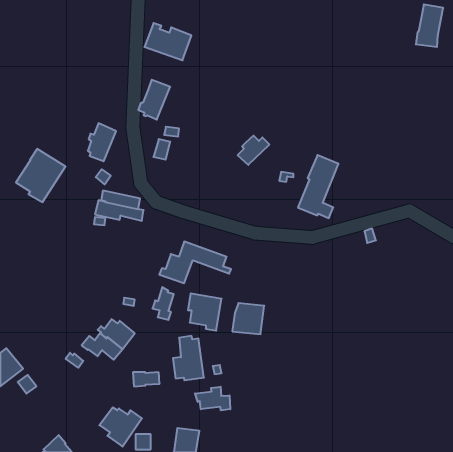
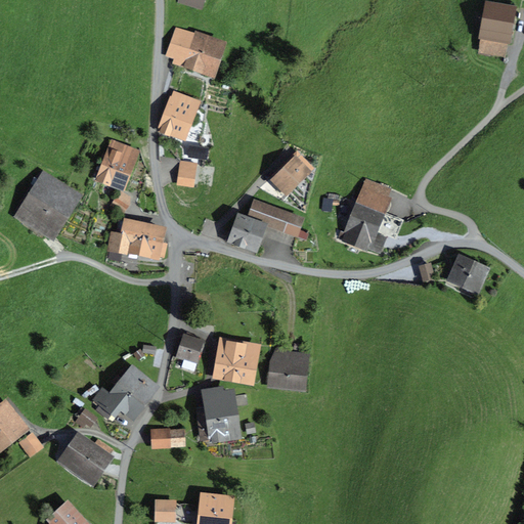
building: none -> [452,260,484,289]
building: [159,242,231,283] -> [225,201,308,249]
building: [195,387,230,410] -> none
building: [99,408,142,447] -> [62,436,112,481]

